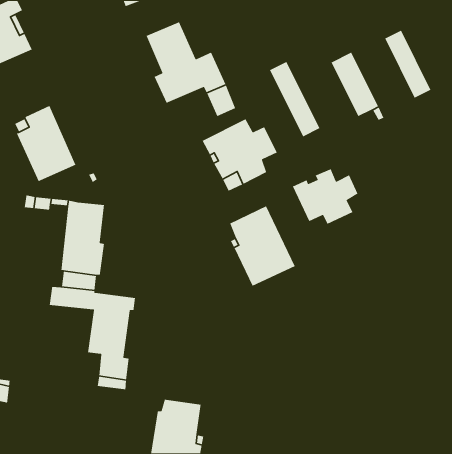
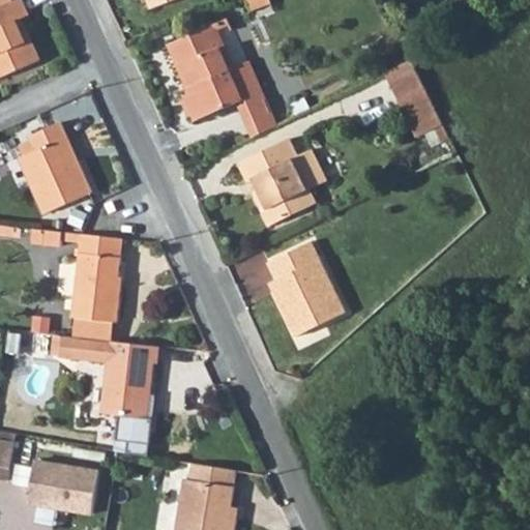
building: [384,30,432,99] -> none
building: [269,61,321,137] -> none
building: [292,168,358,225] -> none
building: none -> [27,465,97,514]

